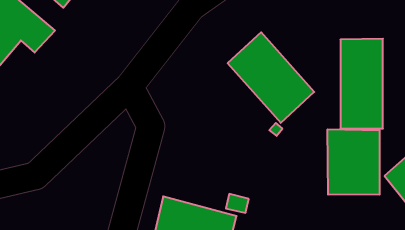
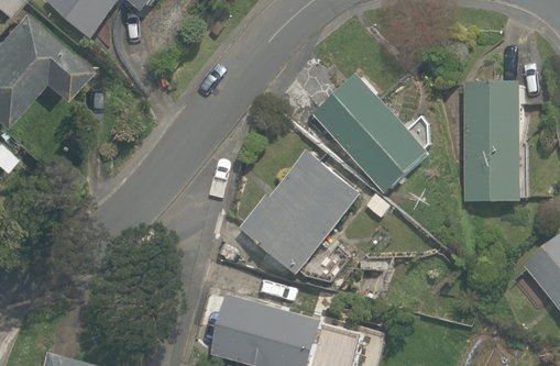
building: none -> [238,151,360,276]
building: [328,129,380,195] -> none

